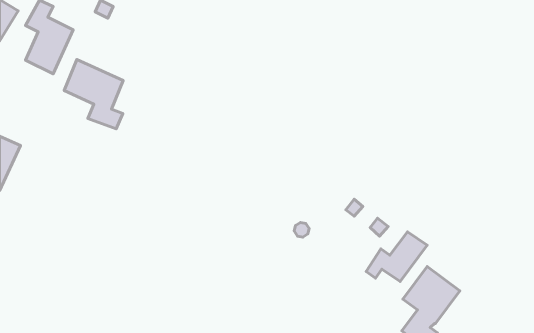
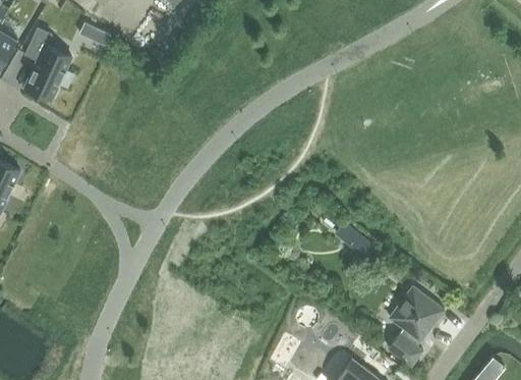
building: [64,59,123,129] -> none
building: [366,232,427,282] -> none

